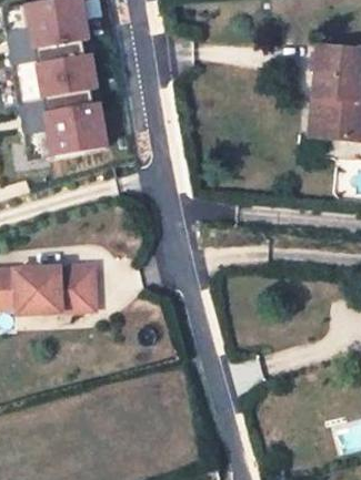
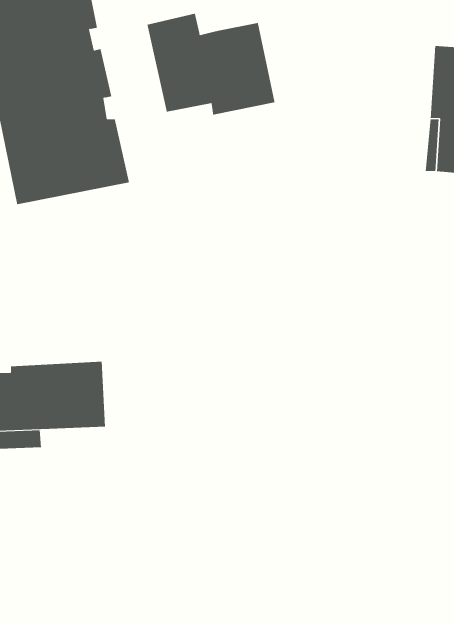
building: none -> [147,13,275,116]

